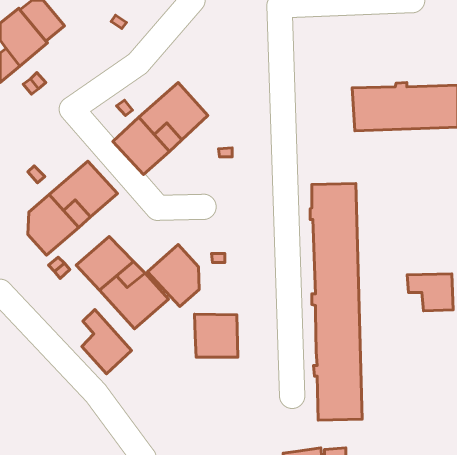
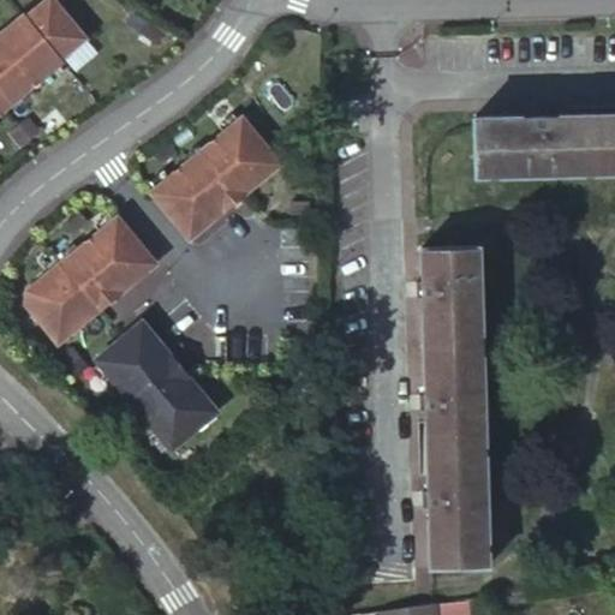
building: [148,244,199,307] -> none
building: [407,274,453,311] -> none
building: [82,310,131,374] -> none
building: [194,314,238,357] -> none

